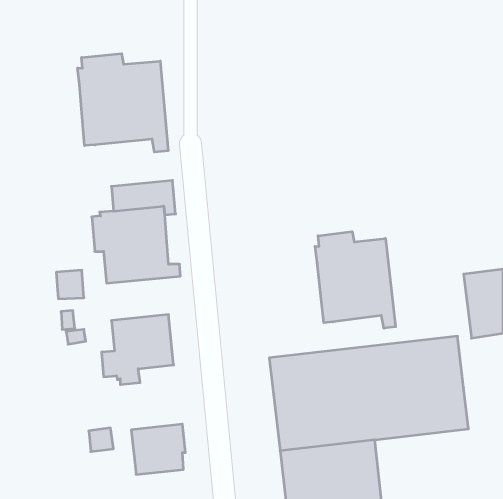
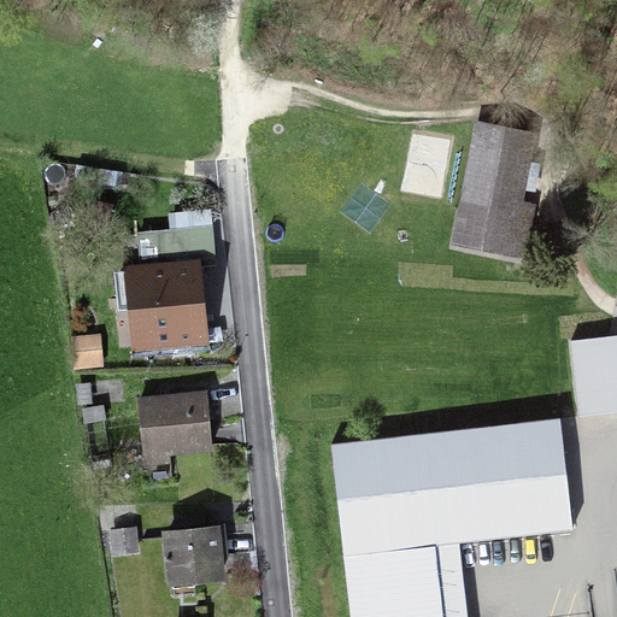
building: [78,54,168,152] -> none
building: none -> [449,128,540,269]
building: [315,232,396,328] -> none

